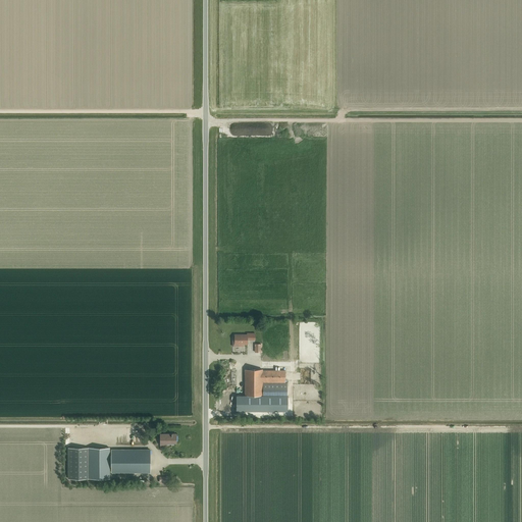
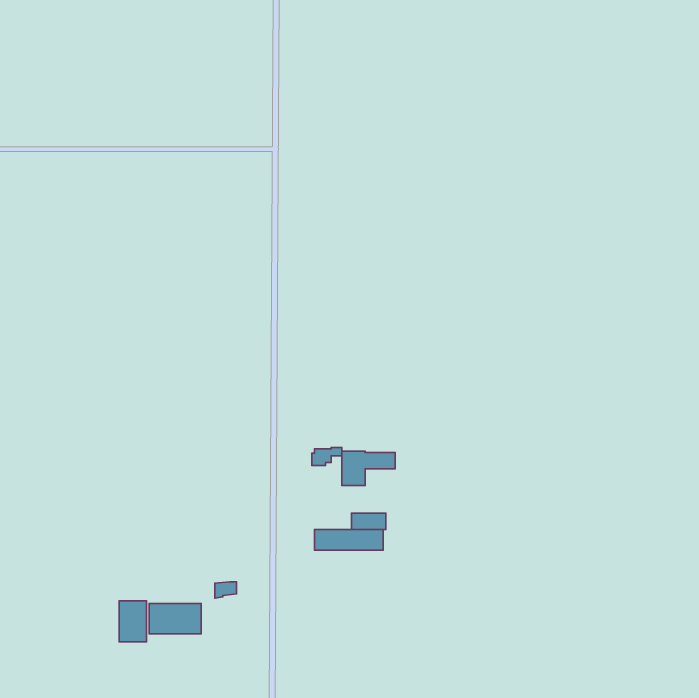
building: [245,370,284,396] -> [342,451,395,485]
building: [68,449,89,479] -> none

